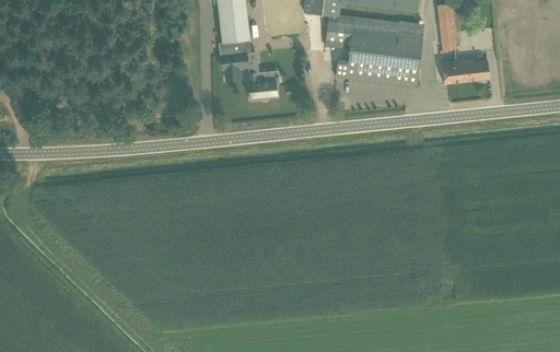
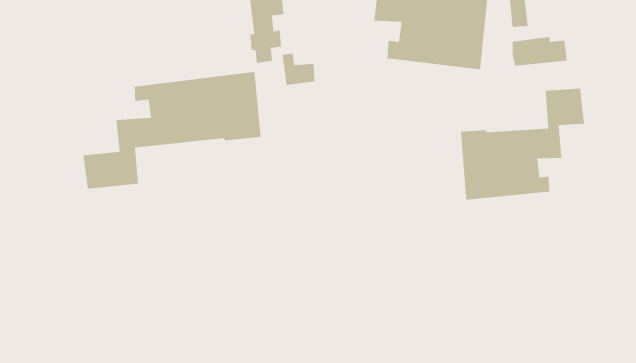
building: none -> [83,71,261,190]
building: none -> [461,88,584,200]

